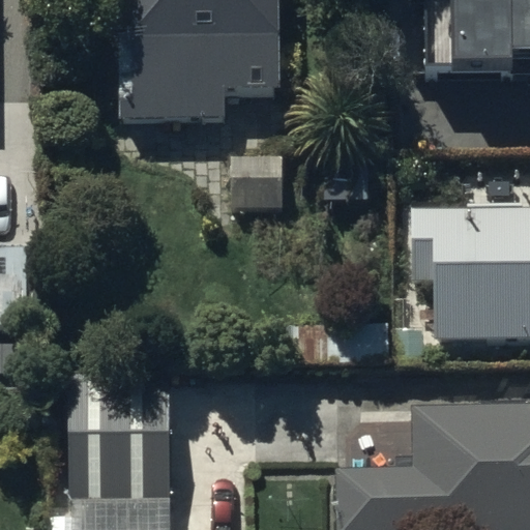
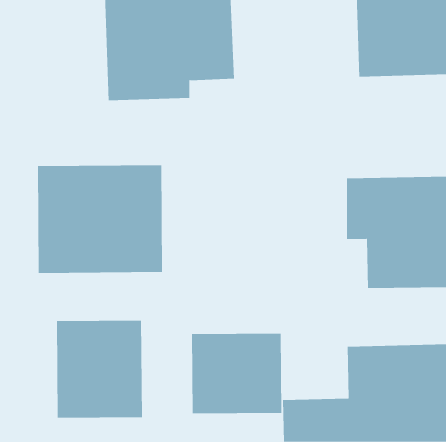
building: none -> [37,164,163,274]
building: none -> [192,333,282,414]

